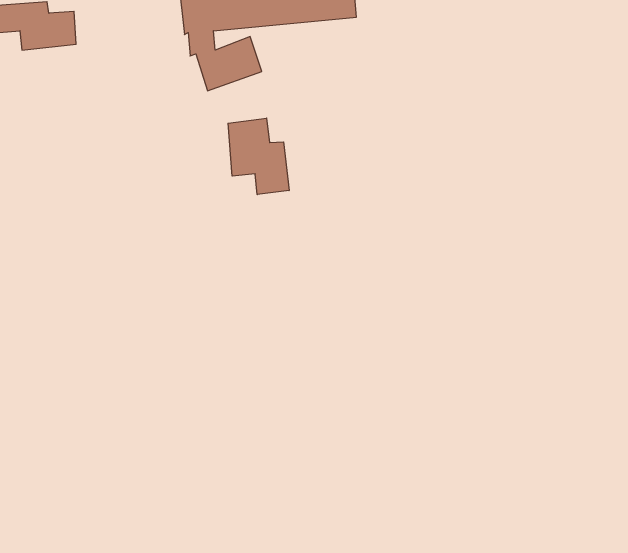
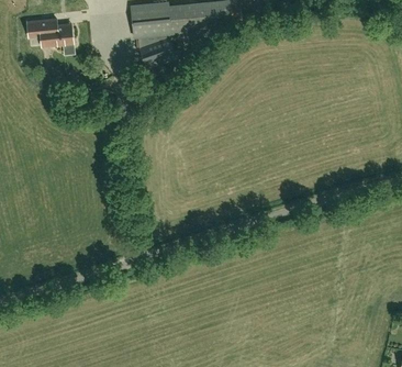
building: [228,118,289,195] -> none

